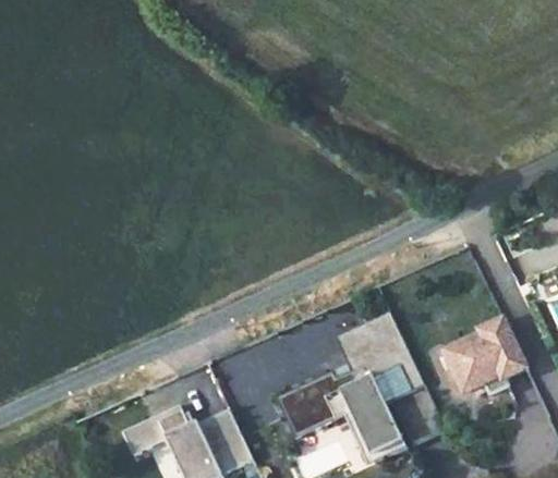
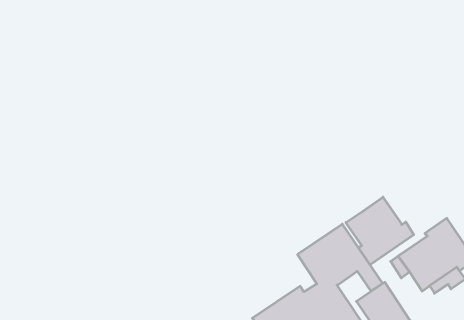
building: none -> [346,197,414,265]

